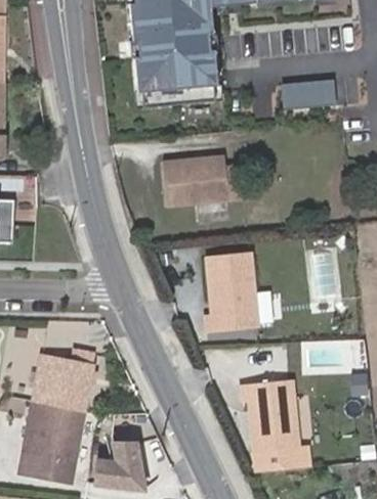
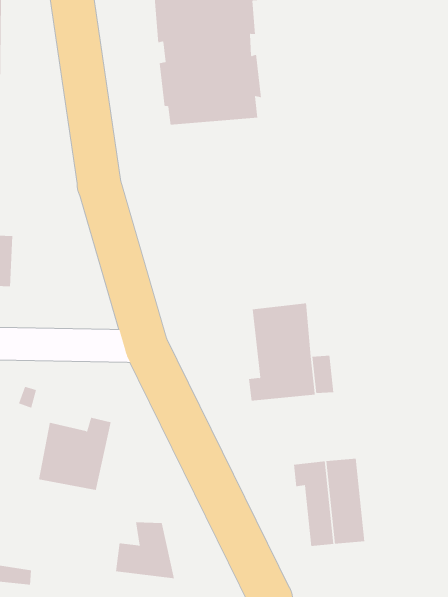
building: [279,80,336,109] -> none
building: [166,160,246,209] -> none
building: [18,400,81,479] -> none

